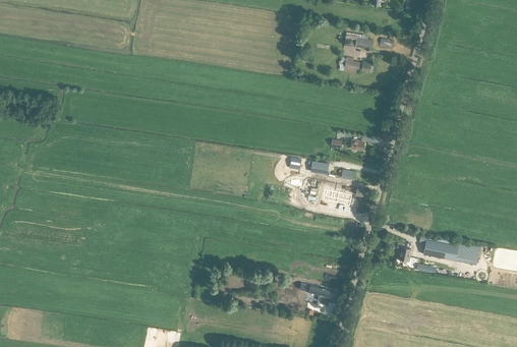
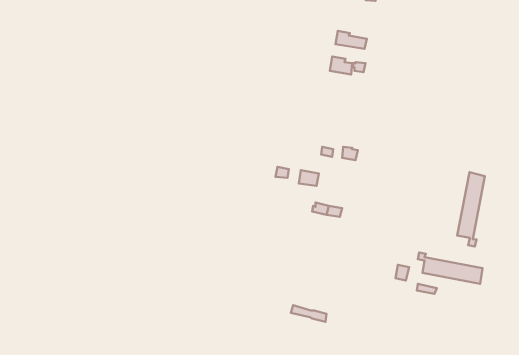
building: none -> [457,172,485,247]

